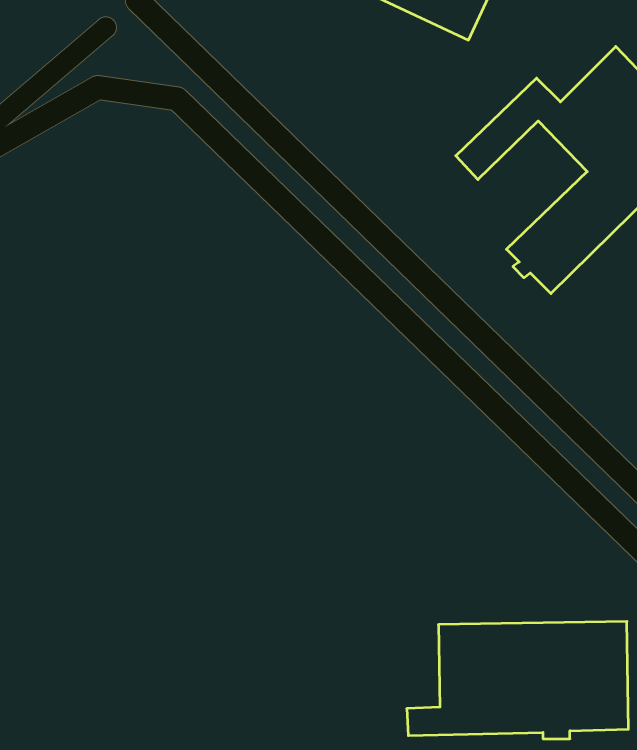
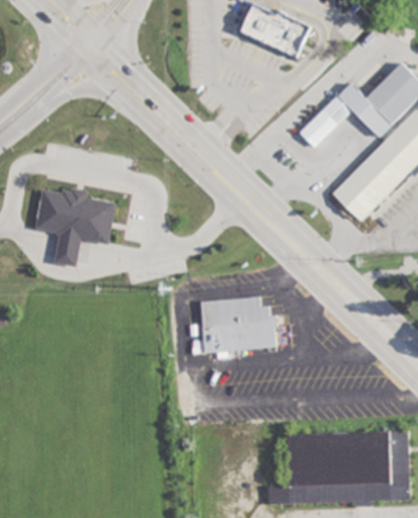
building: none -> [34,186,114,266]
building: none -> [192,297,276,353]

